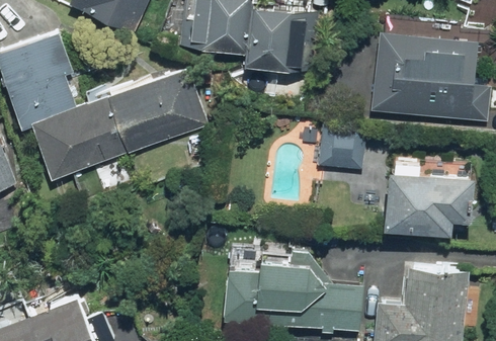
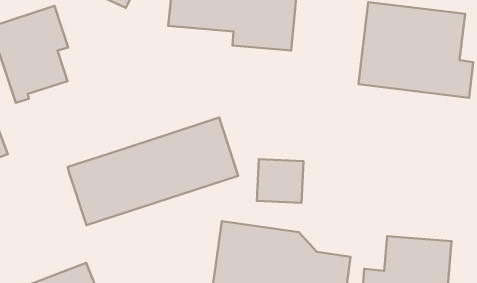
building: [33,70,208,180] -> [68,117,238,225]
building: [317,130,364,174] -> [257,159,303,203]
building: [388,154,478,233] -> none

